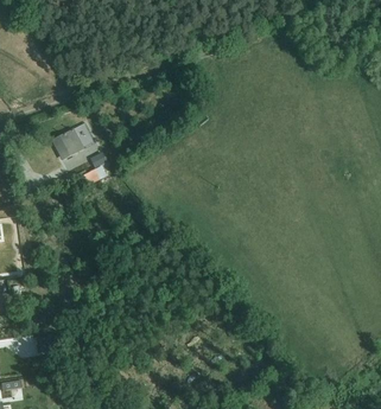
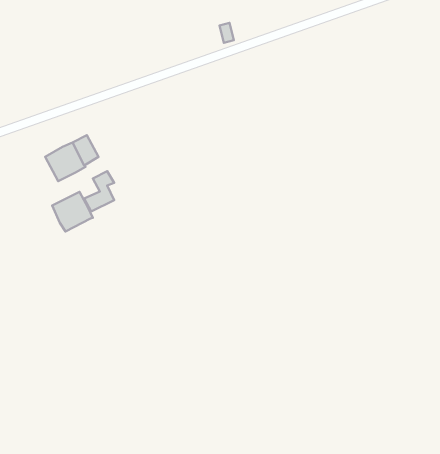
building: none -> [52,192,93,232]

